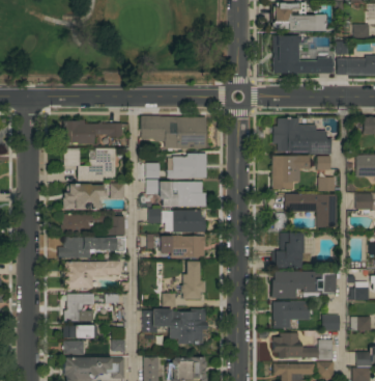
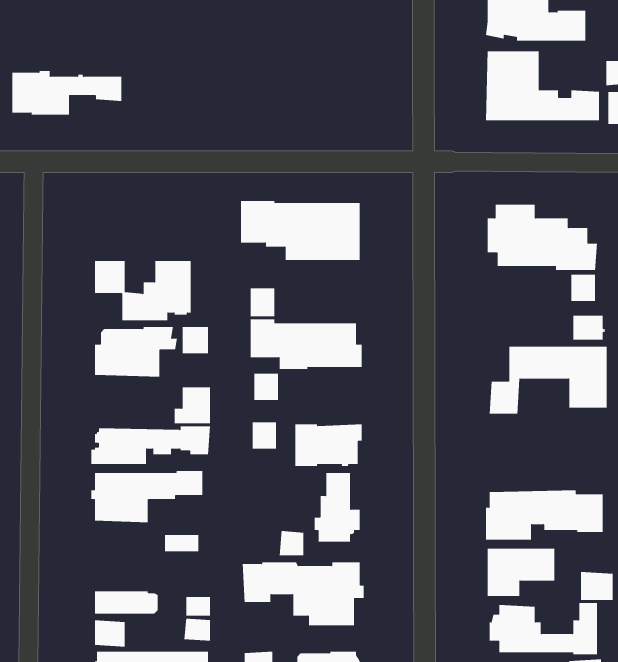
building: [63,120,122,144] -> [11,70,122,115]
building: [167,154,206,179] -> none
building: [272,156,310,189] -> none
building: [173,211,205,233] -> none
building: [60,215,107,233] -> none
building: [272,233,301,268] -> none
building: [64,295,93,322] -> none

